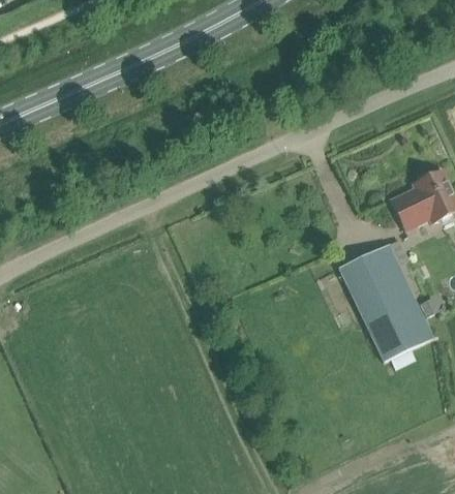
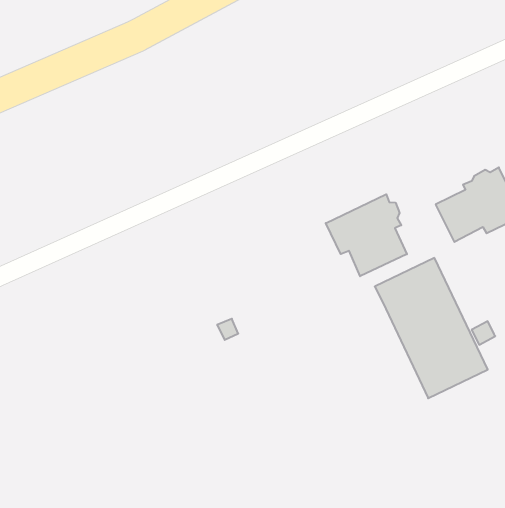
building: none -> [326,194,407,276]

